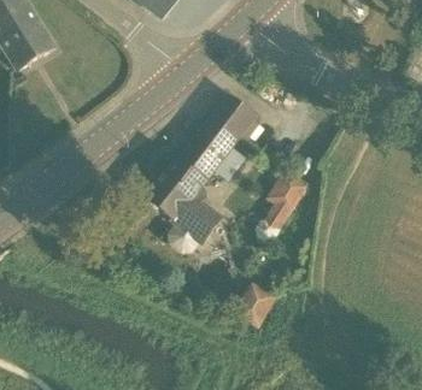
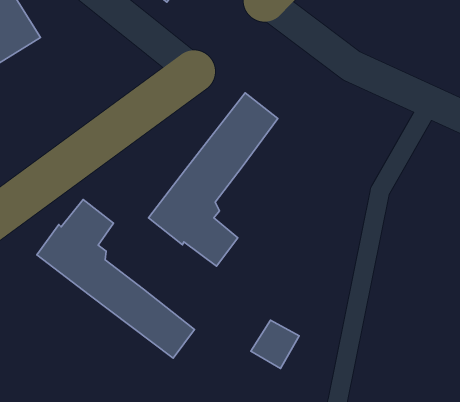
building: [257,172,306,241] -> none
building: none -> [37,199,195,358]

